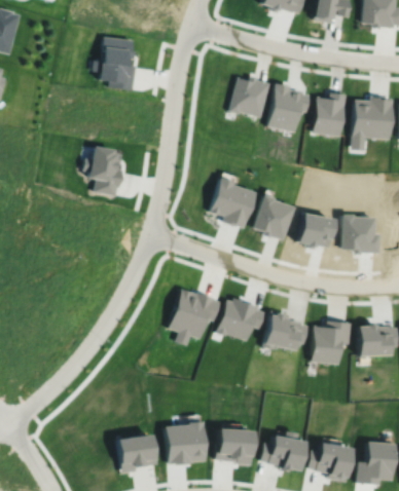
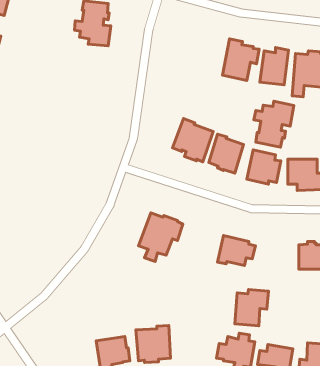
building: [229,74,270,116] -> none
building: [82,146,120,195] -> none
building: none -> [254,101,294,147]
building: [217,297,266,340] -> none
building: [312,322,352,365] -> [235,289,268,326]
building: [216,428,255,464] -> none

